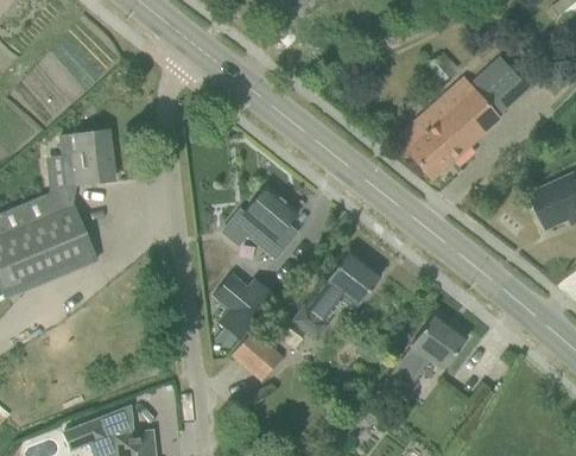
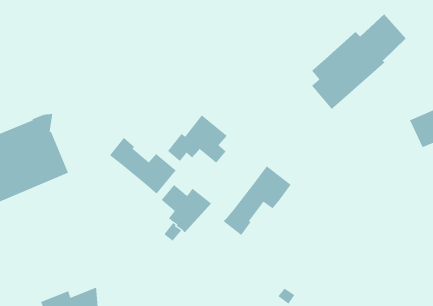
building: [57,131,113,185] -> none
building: none -> [109,137,177,194]
building: [388,314,467,395] -> none
building: [233,334,279,379] -> none

